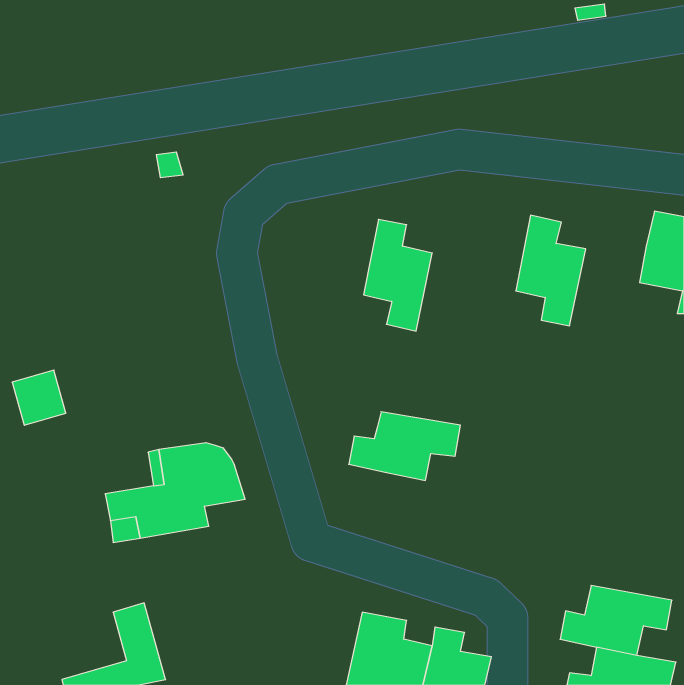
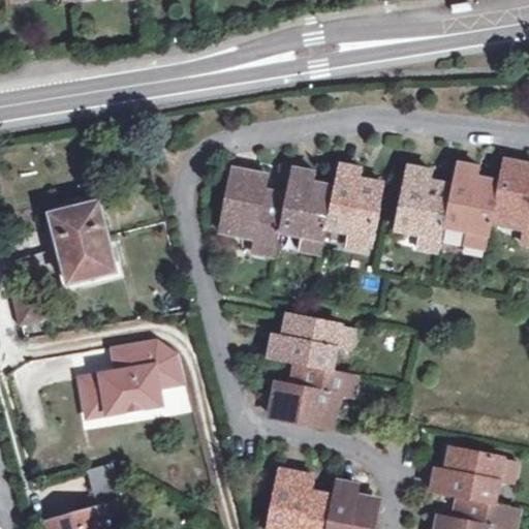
building: none -> [443,163,496,247]
building: none -> [325,165,379,252]
building: none -> [219,168,285,256]
building: none -> [50,191,116,281]
building: none -> [269,363,357,427]

